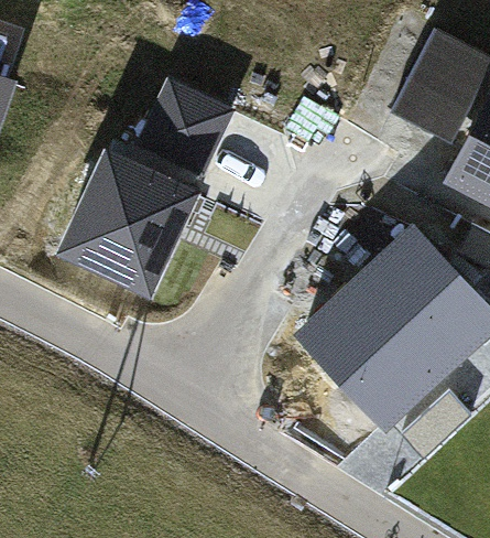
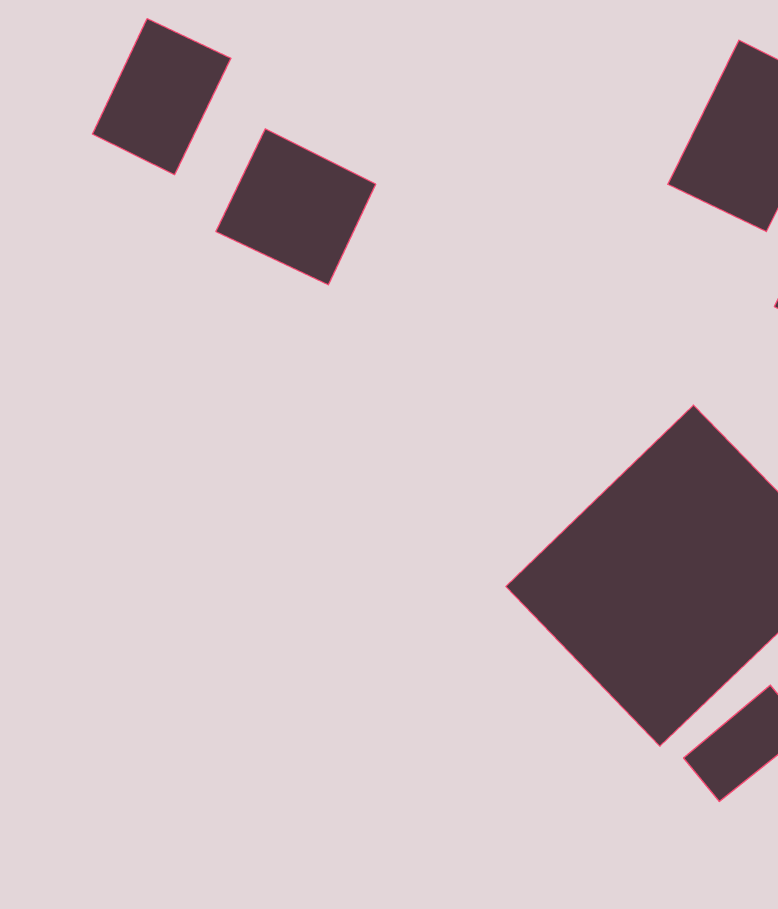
building: none -> [92,19,231,175]
building: [68,153,193,284] -> none

